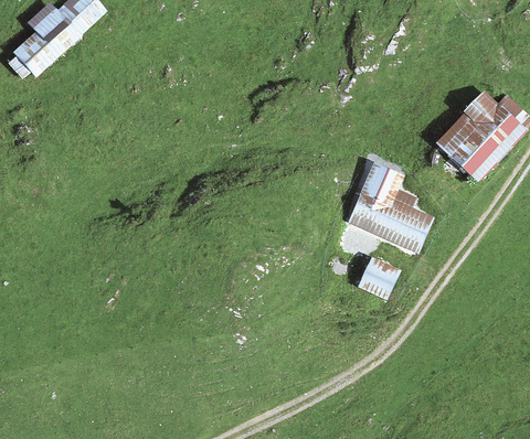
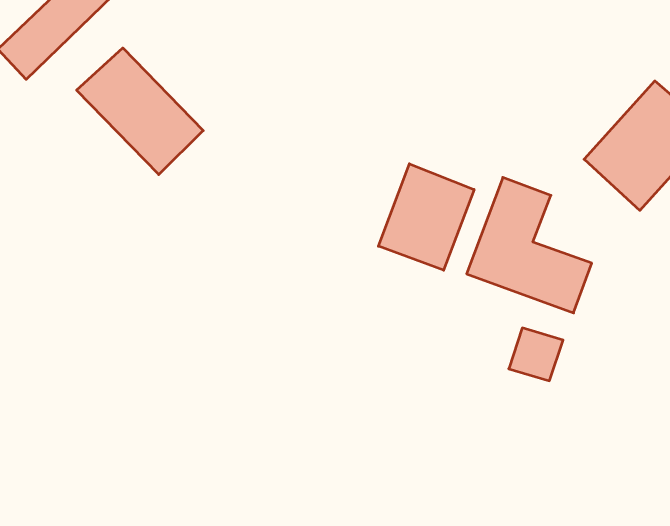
building: none -> [77,48,203,175]
building: none -> [378,164,474,270]

